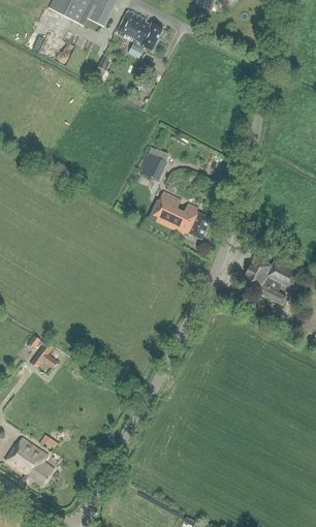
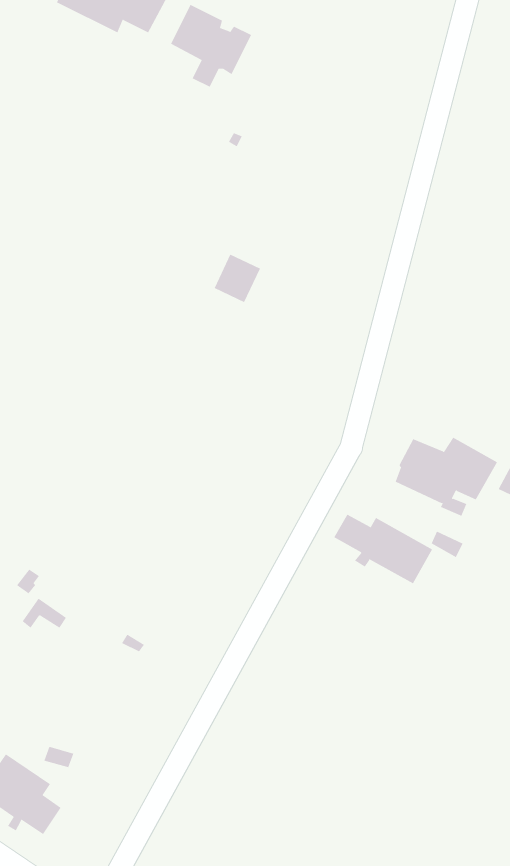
building: [151,190,211,238] -> none
building: none -> [334,514,433,584]

